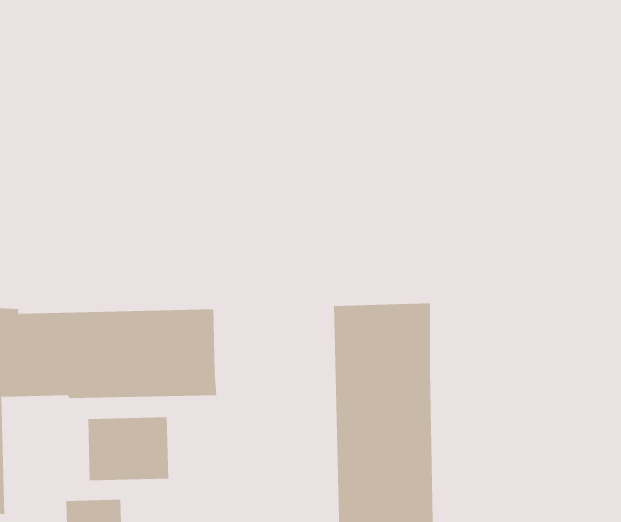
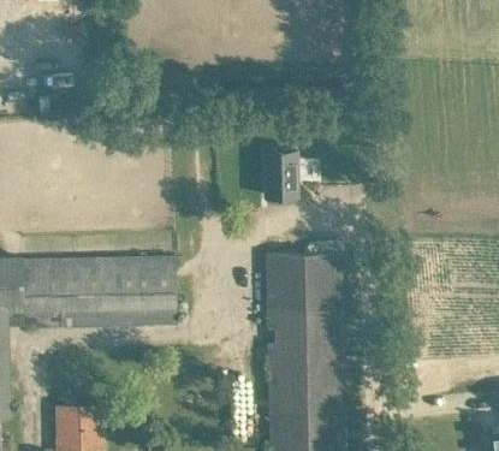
building: none -> [262,149,295,196]
building: [88,417,169,481] -> none

